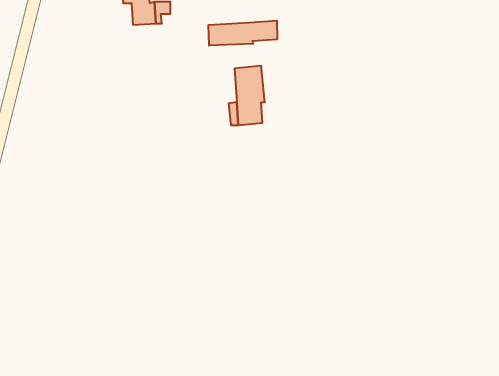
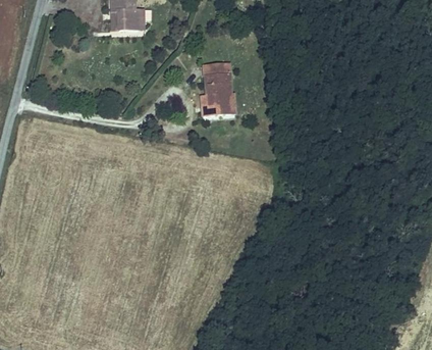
building: [209,21,277,46] -> none

